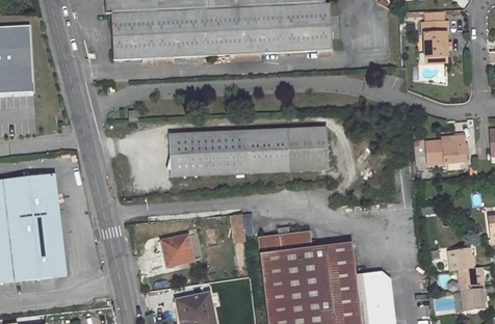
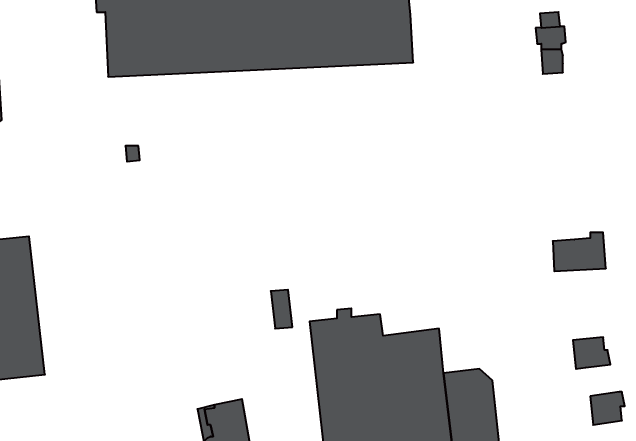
building: [168,128,327,176] -> none
building: [425,137,464,165] -> [553,232,606,271]
building: [161,236,193,266] -> none
building: [458,267,483,291] -> none

